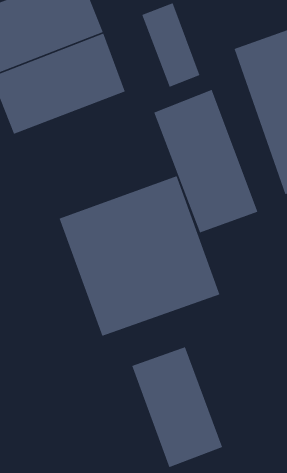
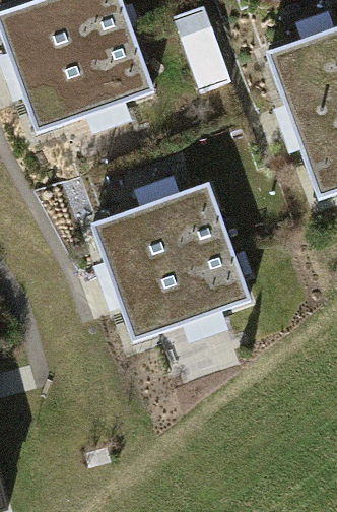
building: [153,89,258,234] -> none
building: [131,346,223,468] -> none

